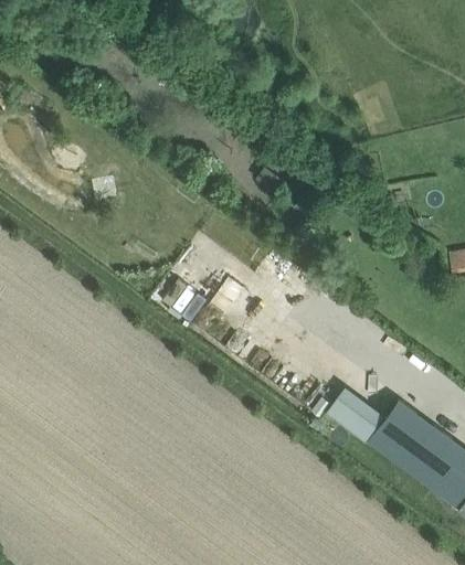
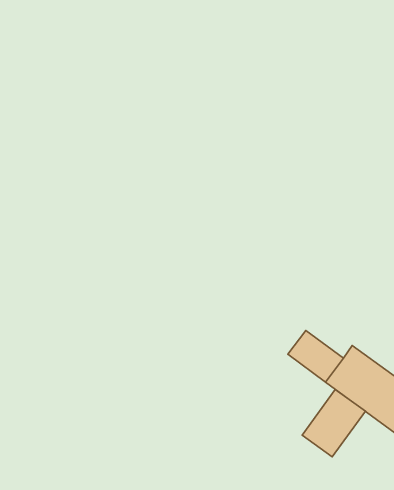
building: none -> [302,390,365,457]

